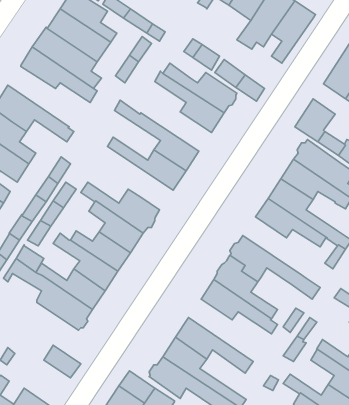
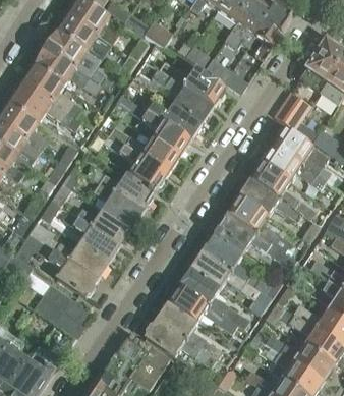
building: none -> [22,64,81,117]
building: none -> [139,97,202,138]
building: none -> [104,134,168,190]
building: none -> [229,196,290,250]
building: none -> [181,269,249,328]
building: none -> [35,285,94,326]

